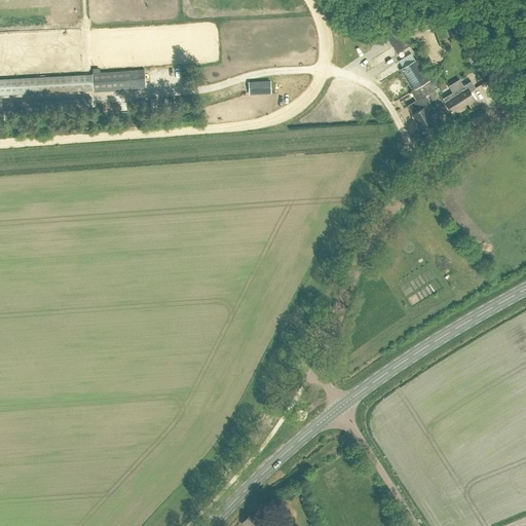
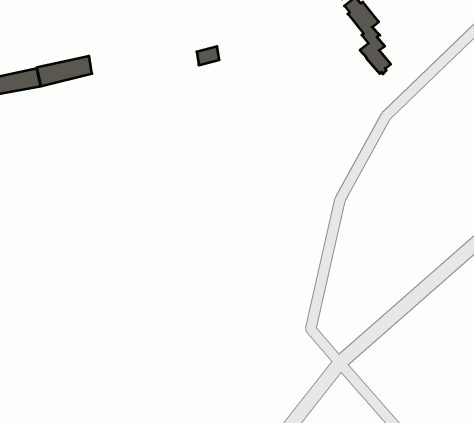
building: [442,82,474,115] -> none

